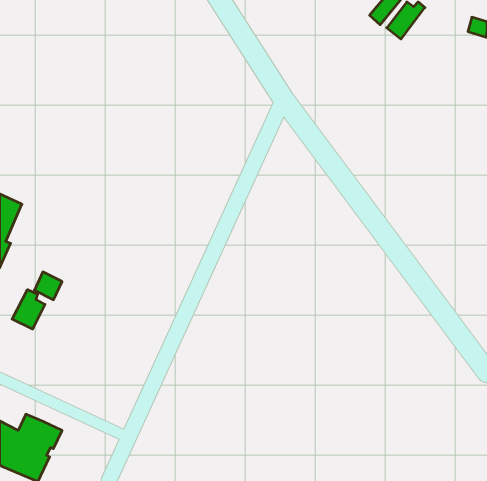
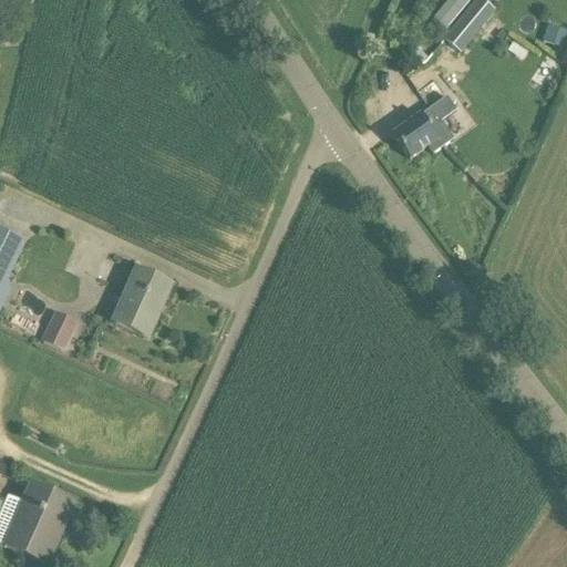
building: none -> [391,101,443,155]
building: none -> [112,266,167,333]
building: [12,290,45,329] -> none

